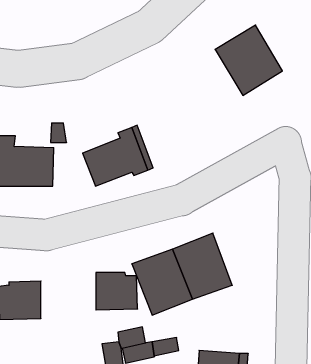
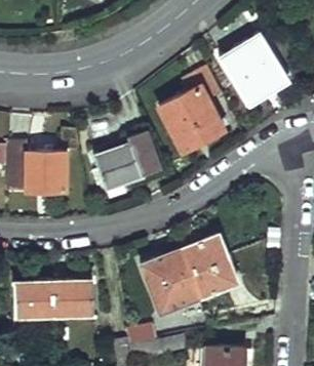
building: none -> [158,66,223,148]
building: [96,273,138,310] -> [52,280,92,316]

